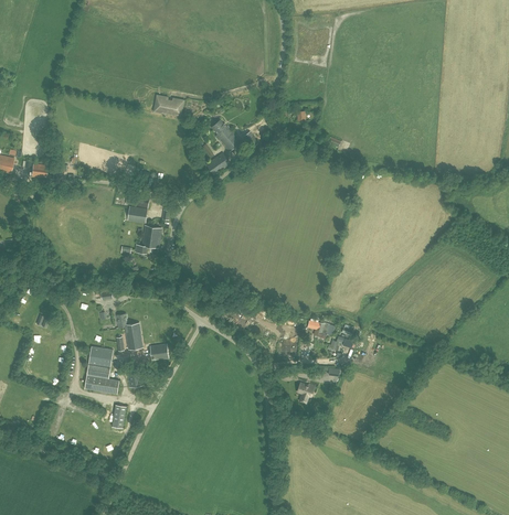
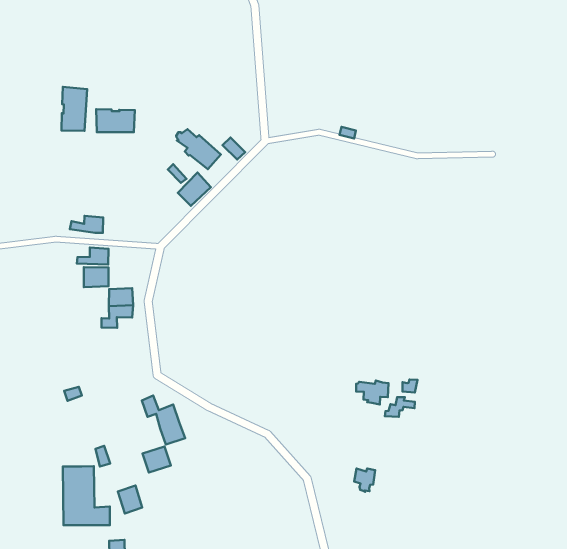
building: none -> [61,87,87,131]
building: [116,313,142,350] -> [142,396,185,444]

